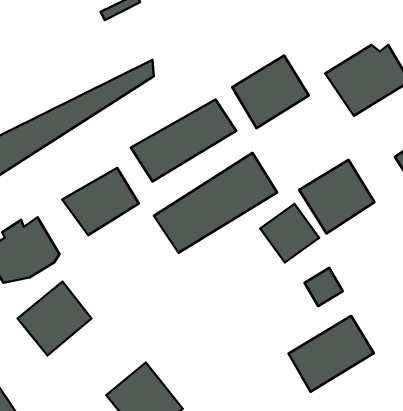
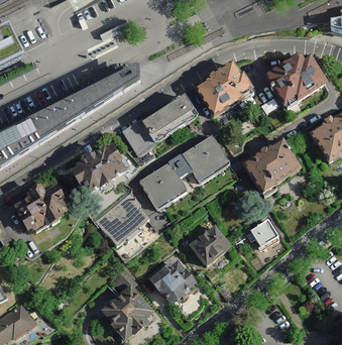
building: [260,204,319,263] -> [192,225,235,268]
building: [17,282,91,355] -> [93,189,147,243]
building: [288,316,374,392] -> none
building: none -> [150,259,201,310]

